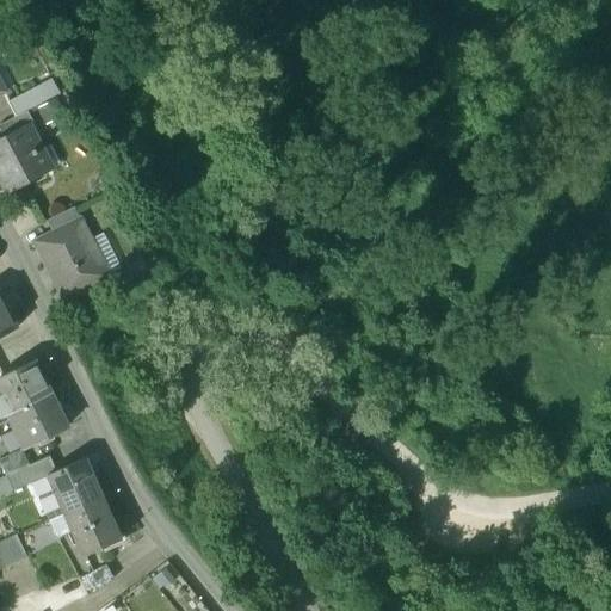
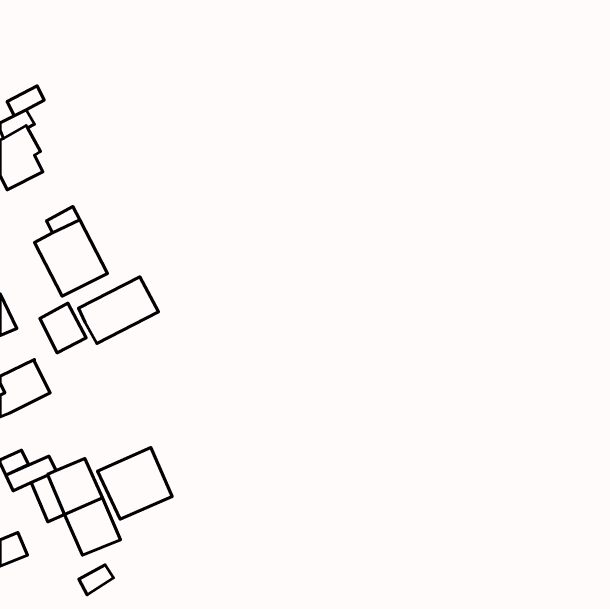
building: none -> [78,277,158,343]
building: none -> [40,303,86,353]
building: [10,393,67,448] -> none
building: none -> [97,447,172,519]

